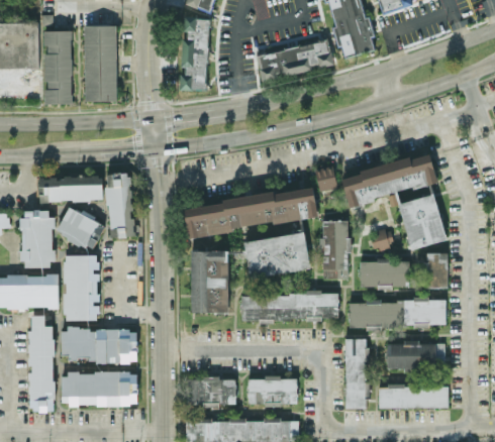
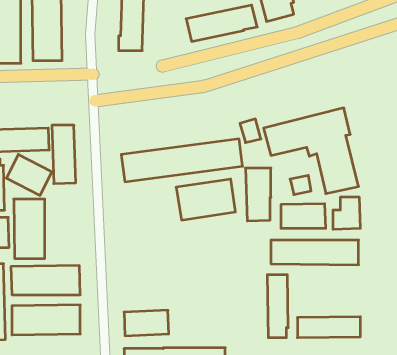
building: [191,250,228,313] -> none
building: [240,293,338,320] -> none
building: [386,341,444,369] -> none
building: [247,377,296,405] -> none

